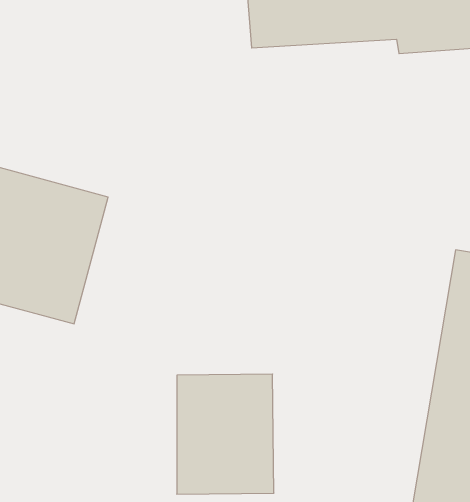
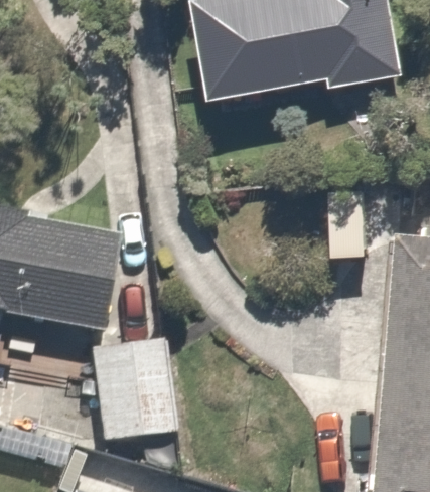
building: [177,374,274,494] -> [93,338,179,441]

